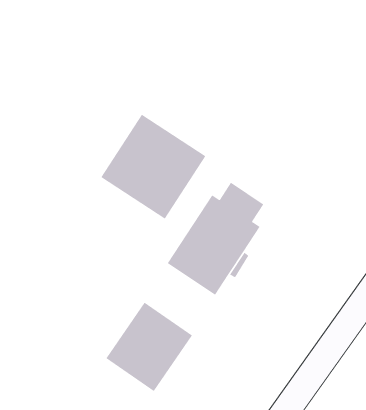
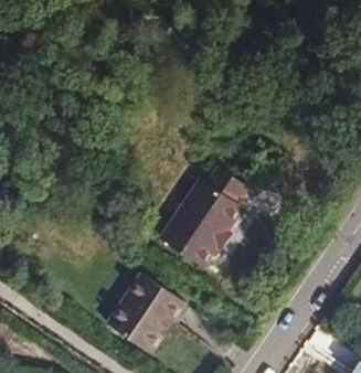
building: [100,114,206,219] -> none

